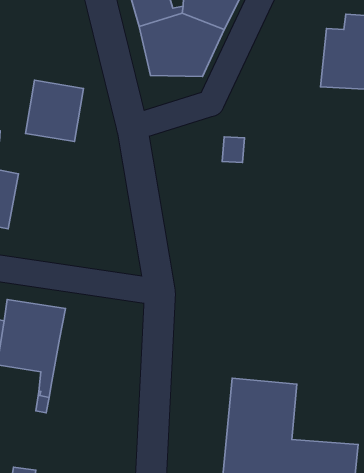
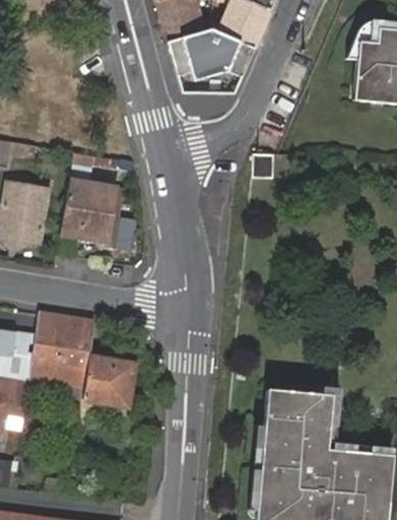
building: [25,80,84,142] -> [63,181,121,242]
building: none -> [84,352,136,407]

